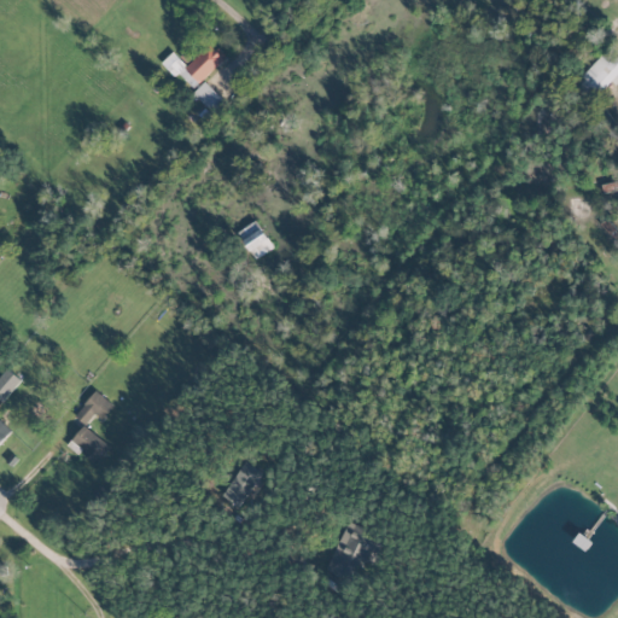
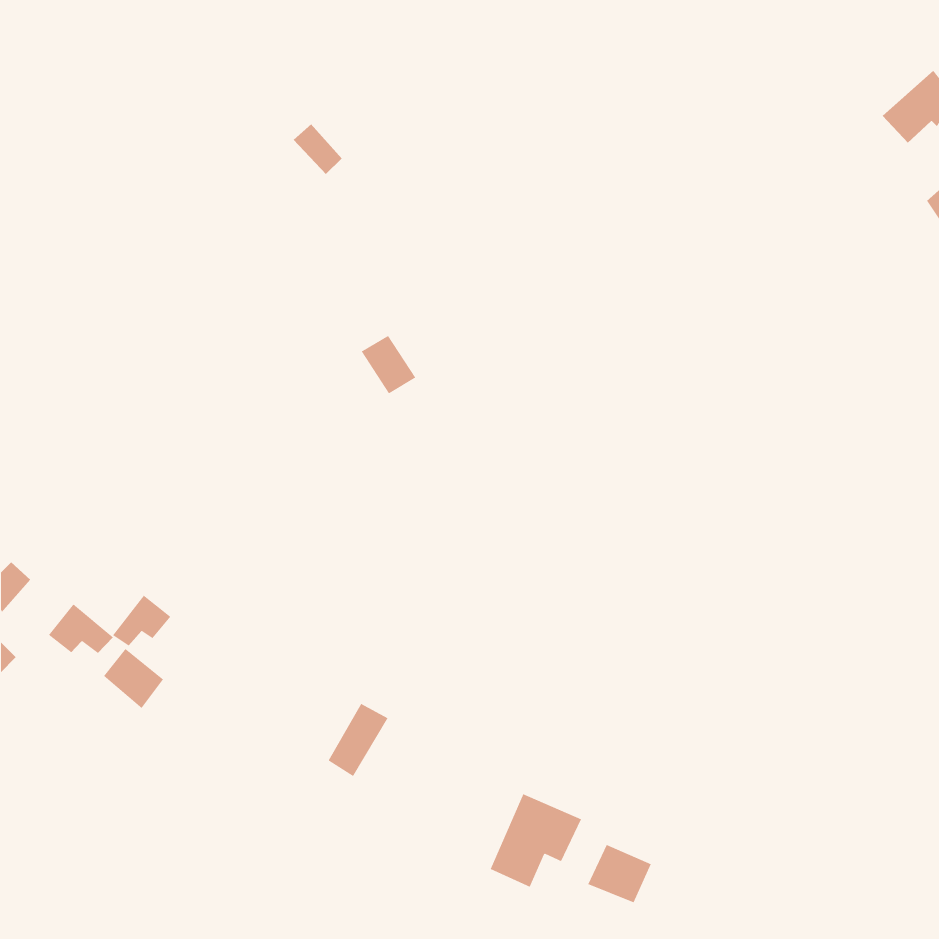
building: [162,45,225,89] -> none
building: none -> [48,603,114,654]
building: none -> [587,844,651,903]

